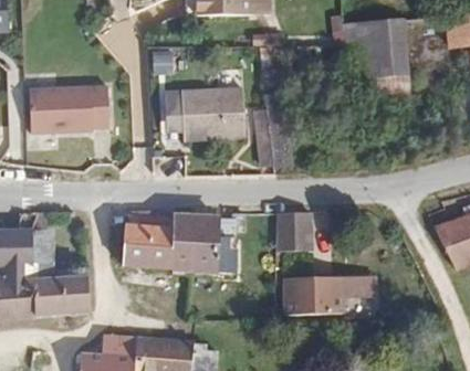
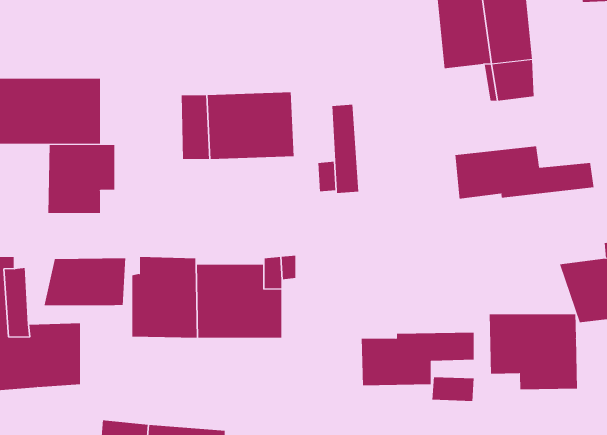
building: none -> [48,144,115,214]
building: none -> [455,145,594,200]
building: none -> [44,258,126,306]
building: [271,215,305,257] -> none
building: none -> [489,313,578,390]

